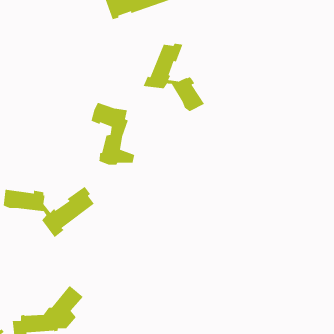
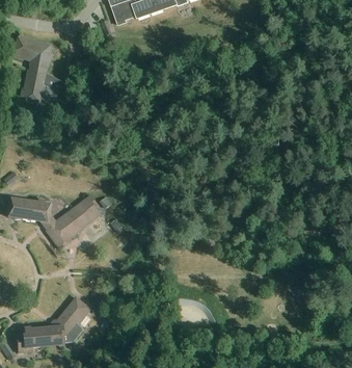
building: [143,43,205,112] -> none
building: [91,102,135,165] -> [12,35,58,101]

